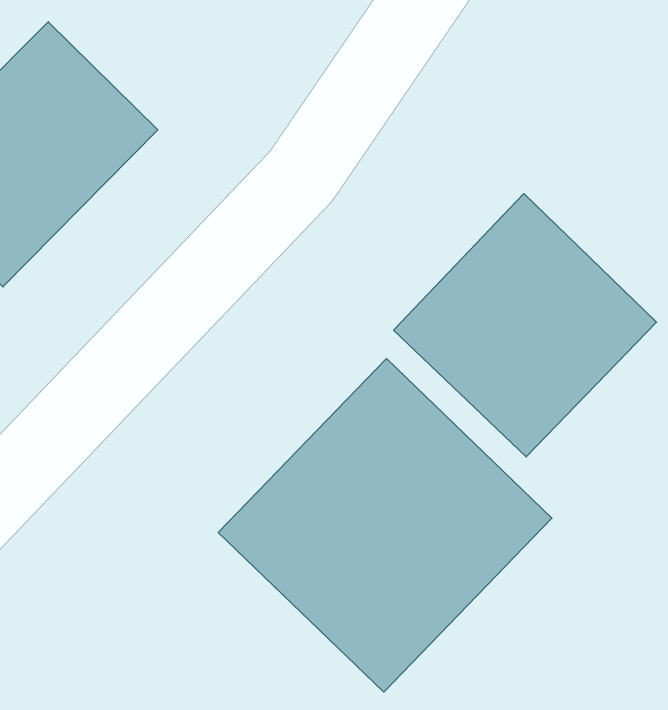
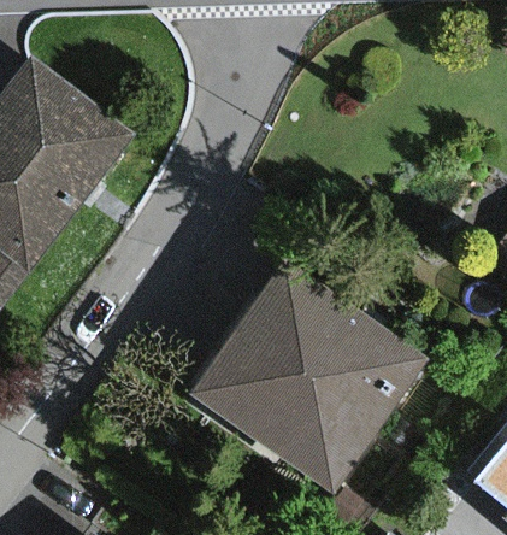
building: [394,194,657,457] -> none

